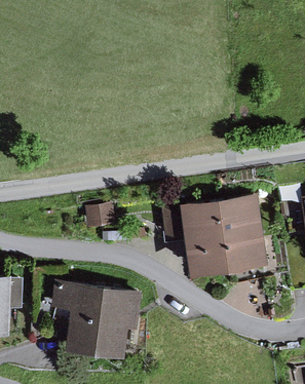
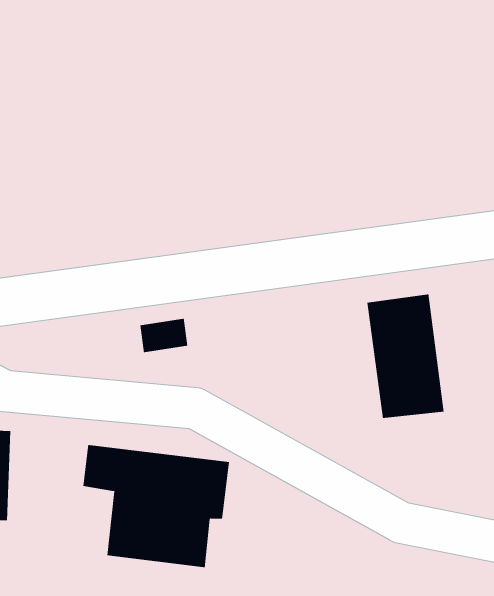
building: [159,200,230,275] -> none

